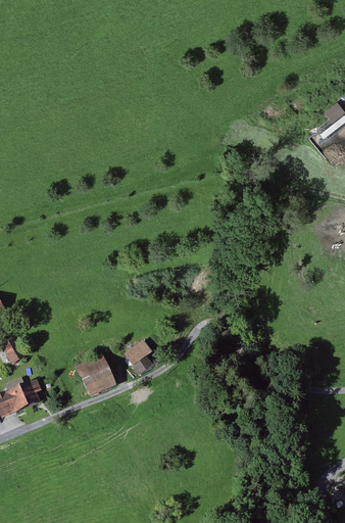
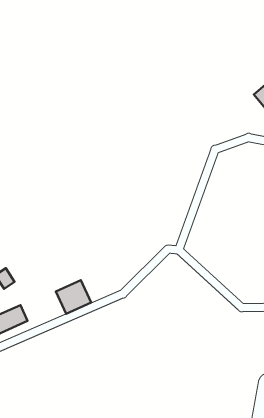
building: [119,338,155,374] -> none

